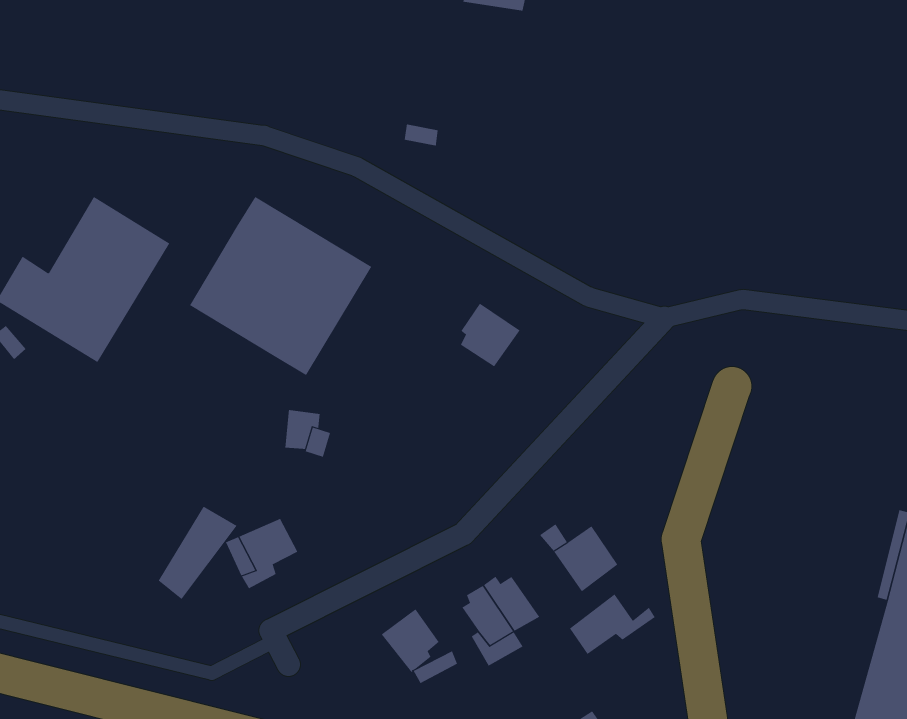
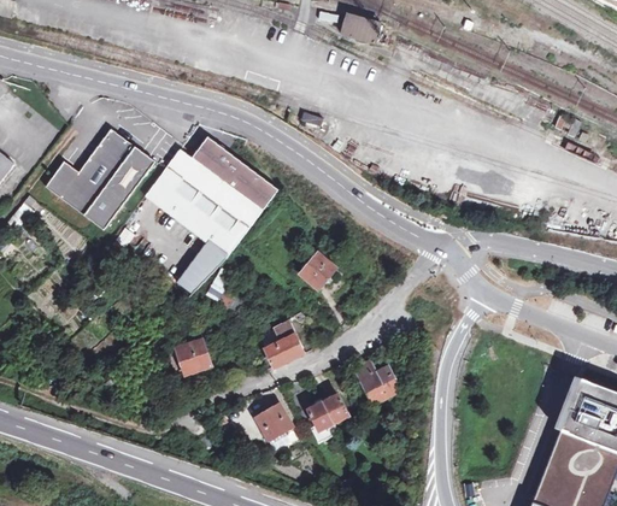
building: none -> [146,147,194,202]
building: [460,303,520,367] -> [300,251,337,290]
building: none -> [260,324,300,365]
building: [158,506,237,600] -> [175,239,227,294]
building: [569,594,655,655] -> none

